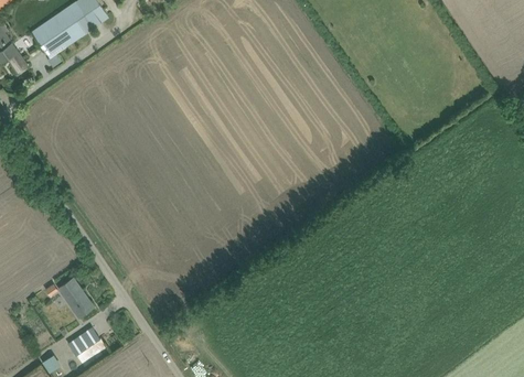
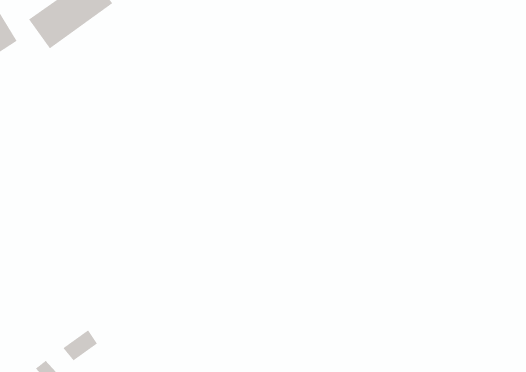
building: [56,278,94,319] -> none

